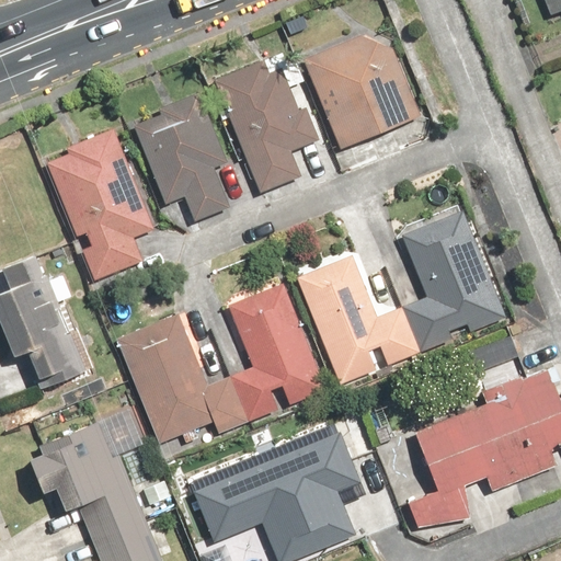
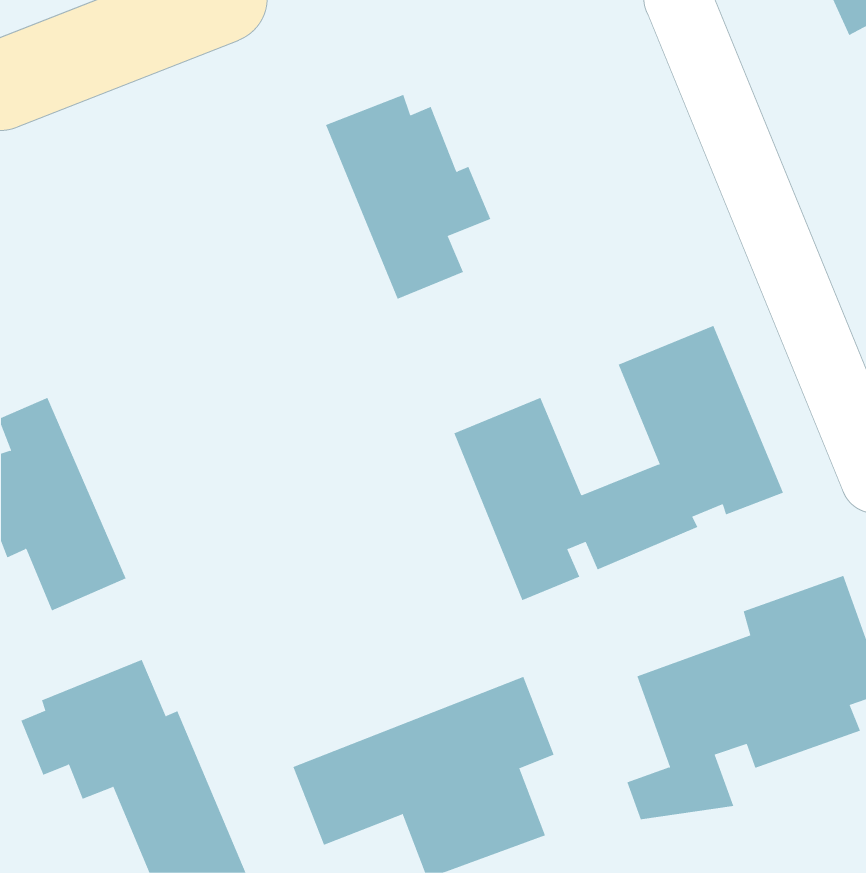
building: [304,35,421,148] -> none
building: [133,92,232,225] -> none
building: [47,129,156,280] -> none
building: [117,284,329,445] -> none

